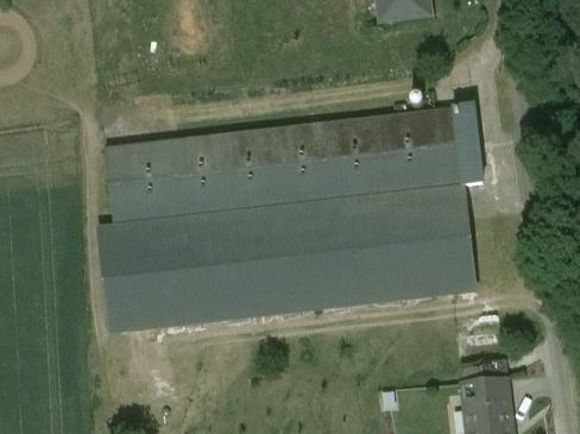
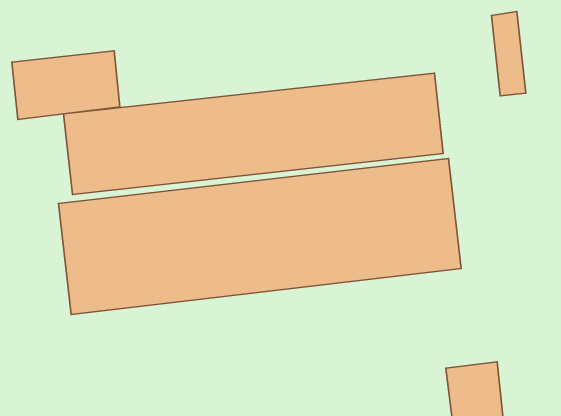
building: none -> [12,51,120,120]
building: [449,105,481,183] -> [491,12,526,96]

